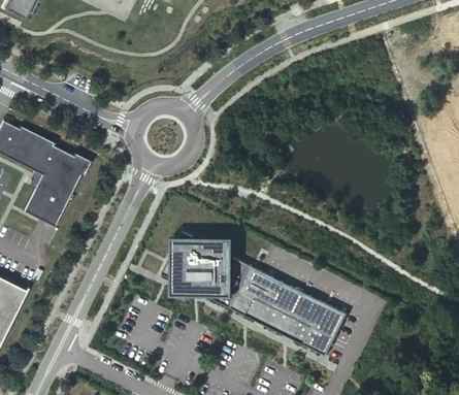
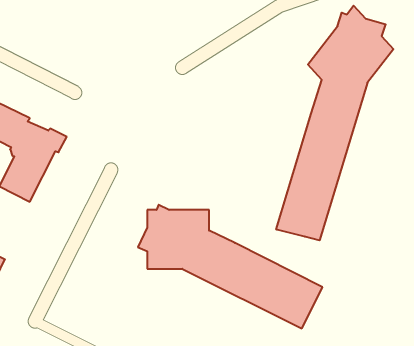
building: none -> [276,6,393,240]

